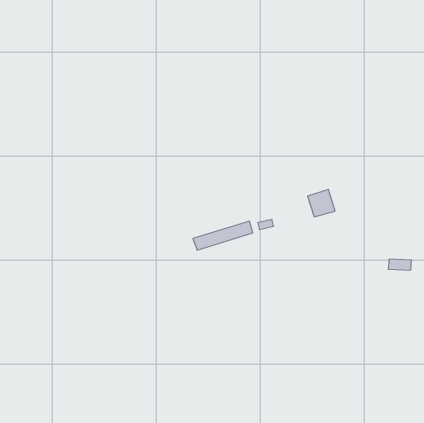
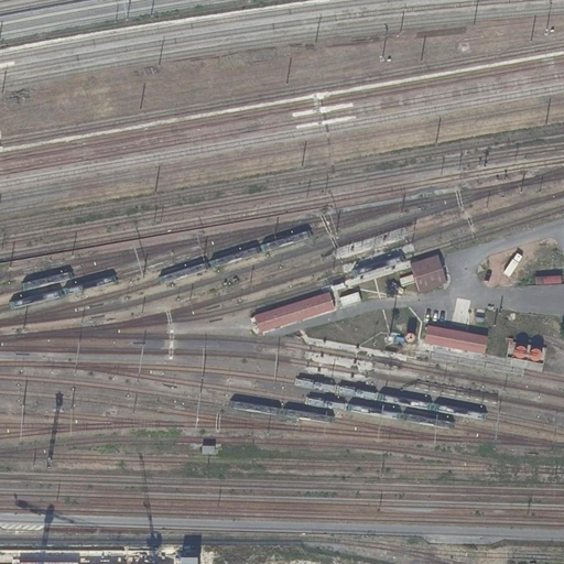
building: none -> [422,325,484,351]

